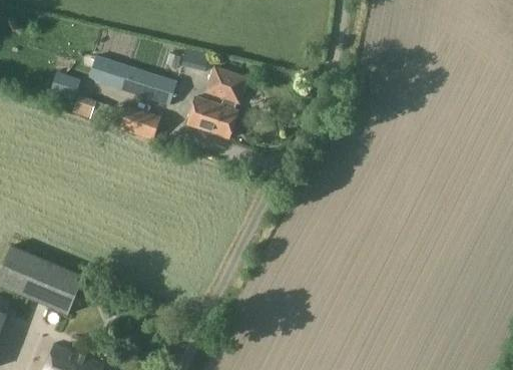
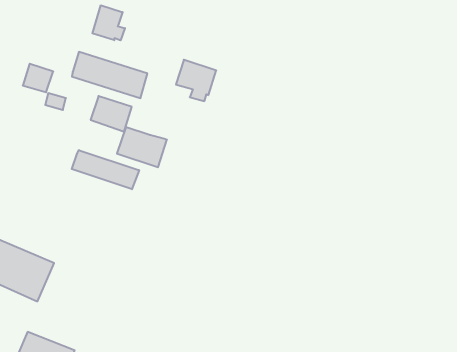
building: none -> [92,5,125,40]
building: [186,97,237,138] -> [117,127,167,167]
building: none -> [72,150,139,189]

